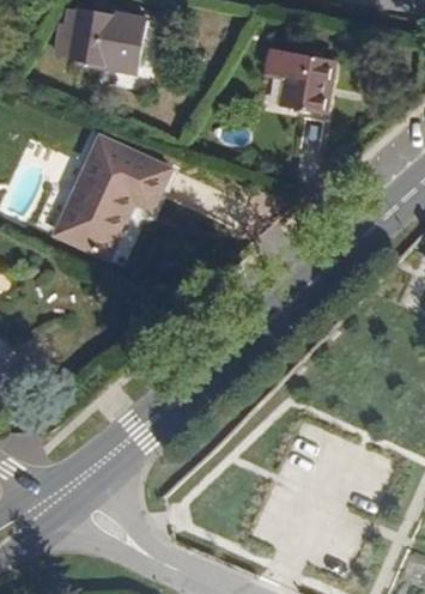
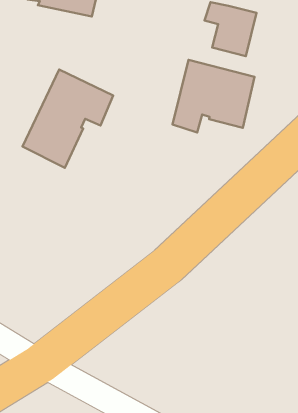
building: none -> [173,60,255,133]

